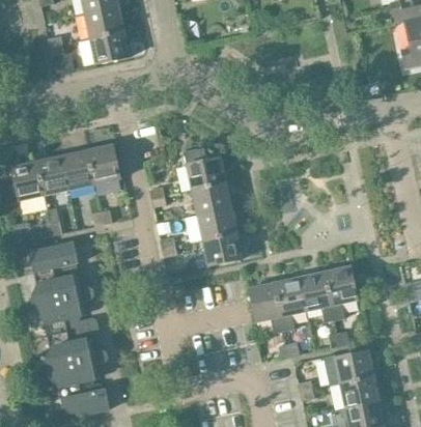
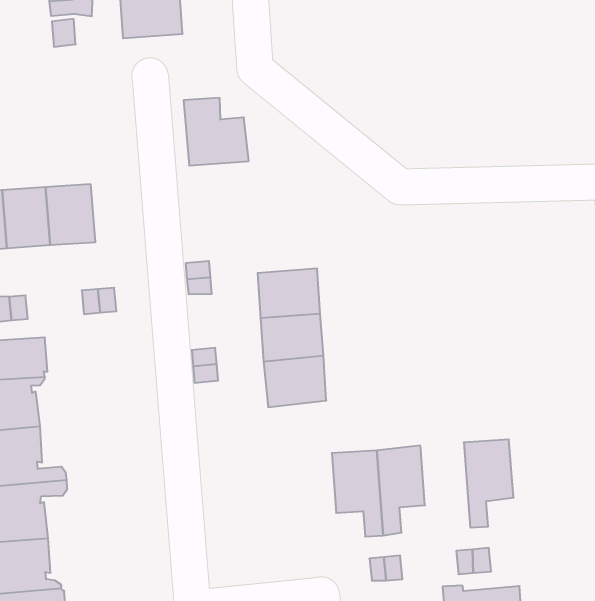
building: [87,144,119,183] -> none
building: [183,147,225,189] -> [184,98,249,165]
building: [299,271,334,321] -> none

